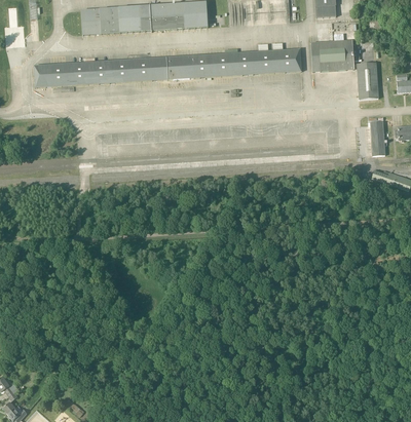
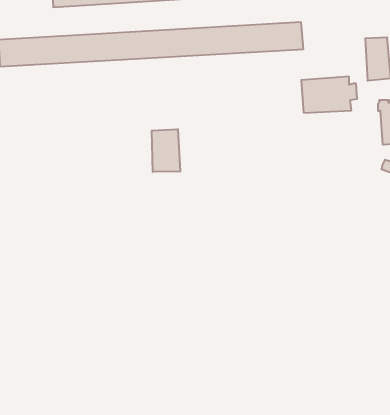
building: [310,39,360,71] -> [301,77,357,113]
building: none -> [152,129,180,172]

